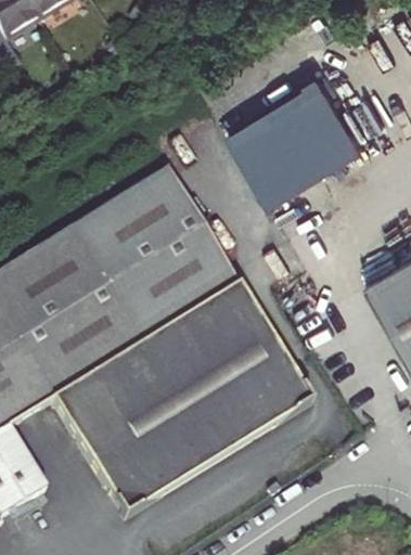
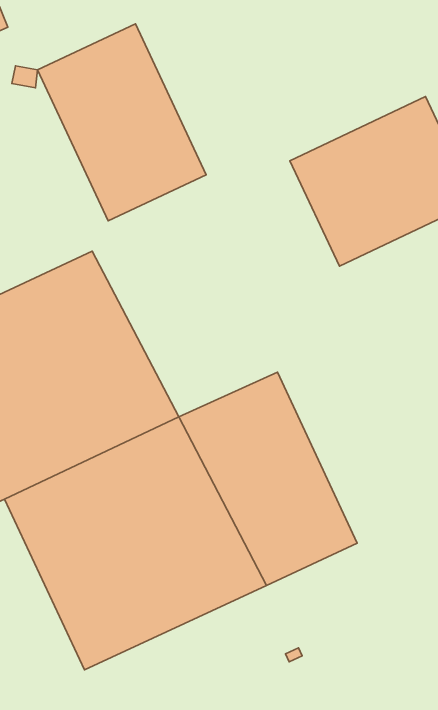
building: none -> [38,24,206,221]
building: [97,165,240,321] -> none

